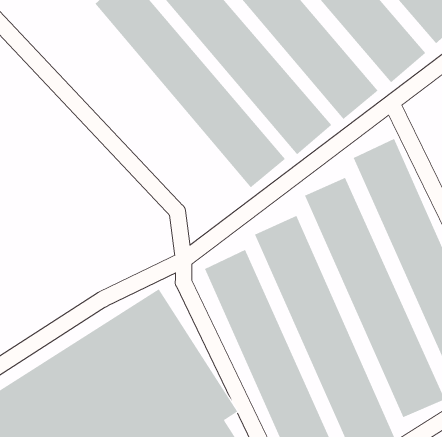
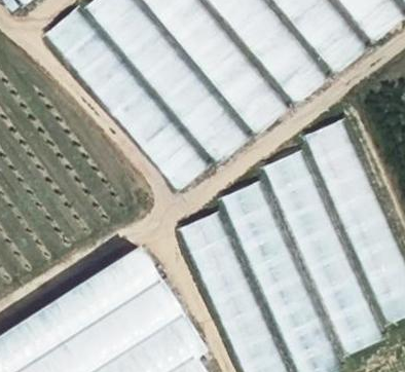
building: none -> [46,9,208,190]

